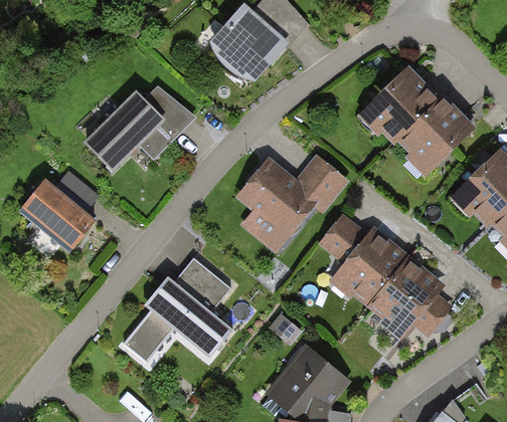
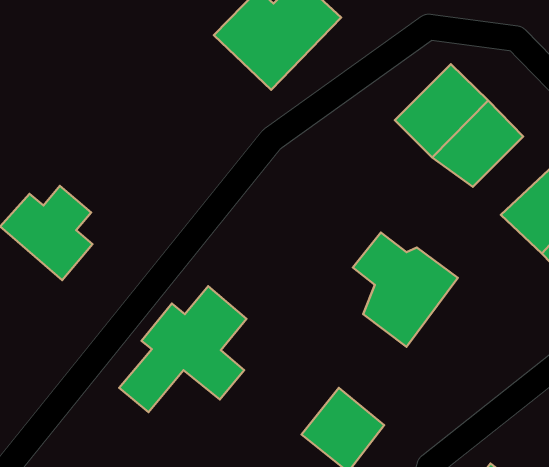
building: [82,88,190,169] -> none
building: [240,154,356,248] -> none
building: [367,251,460,344] -> none

